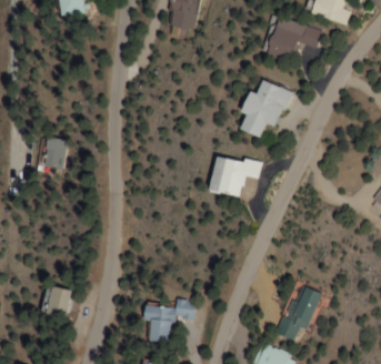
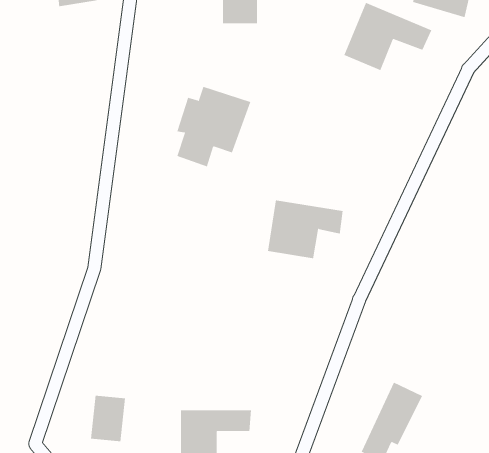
building: [238,80,291,138] -> [176,86,251,167]
building: [47,138,69,168] -> none
building: [48,286,73,320] -> [90,395,126,442]

